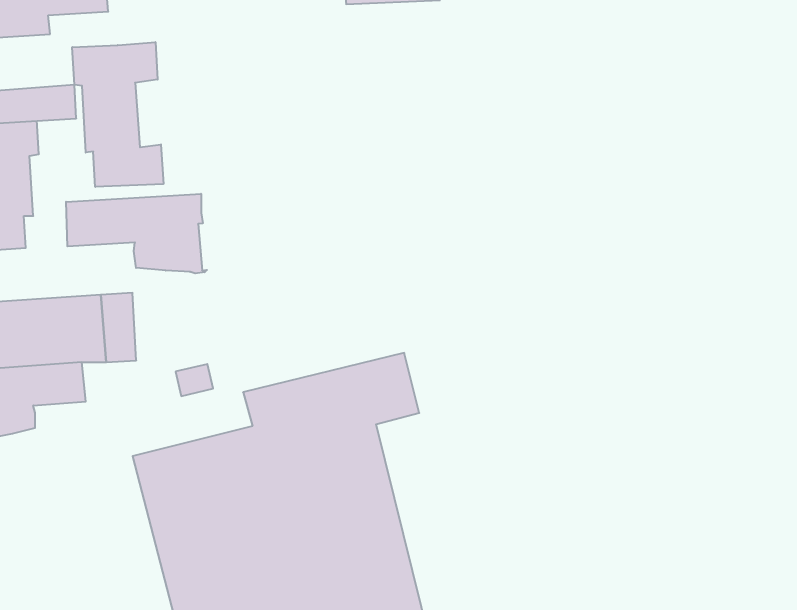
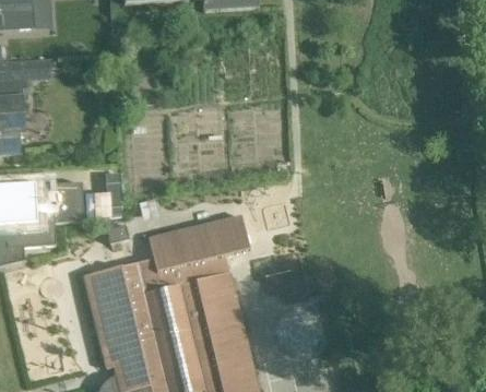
building: [72,42,163,187] -> none
building: [66,194,207,273] -> none

